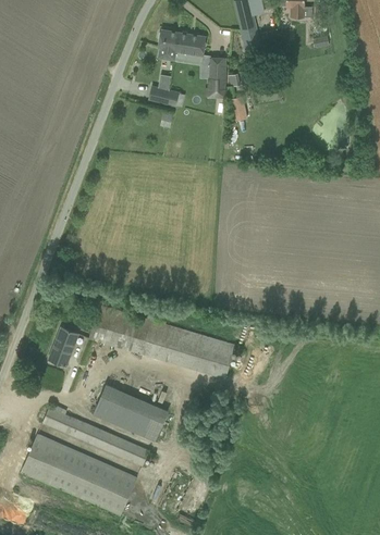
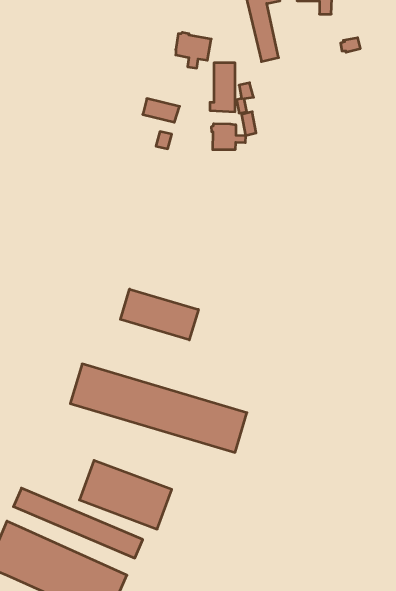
building: [159,29,179,60] -> none
building: none -> [212,124,246,150]
building: none -> [120,289,198,340]
building: [49,326,78,365] -> none

